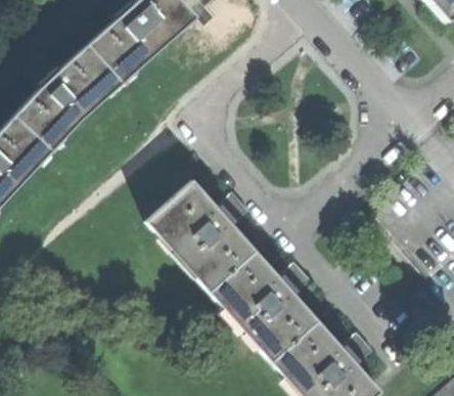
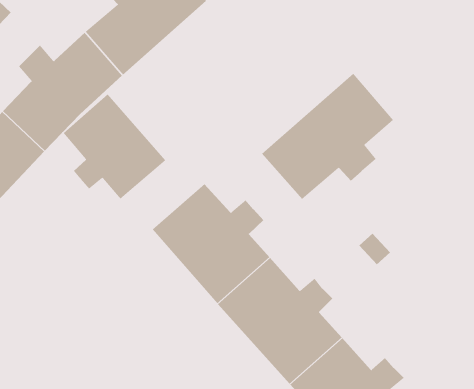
building: none -> [261,73,394,200]
building: none -> [63,93,166,200]

